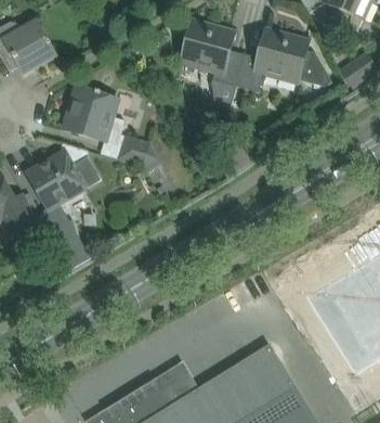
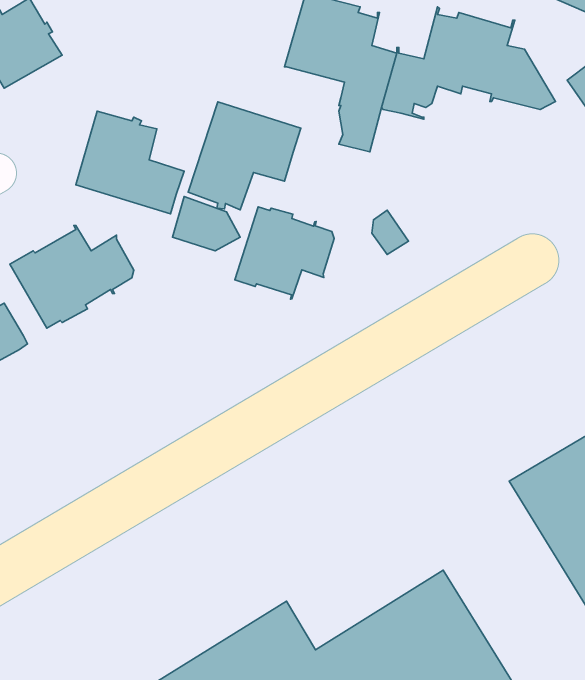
building: none -> [188,102,301,210]
building: none -> [235,207,334,299]
building: [40,216,90,270] -> none

